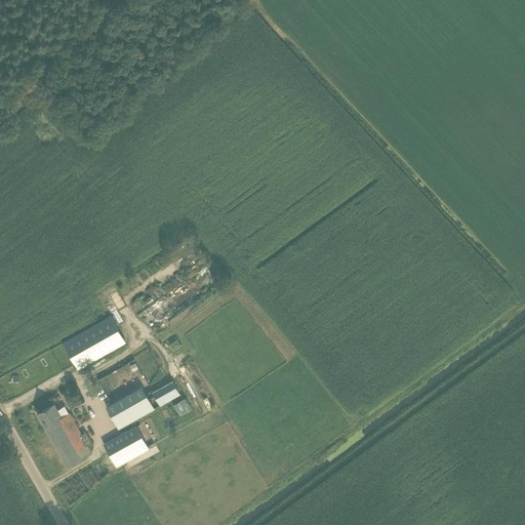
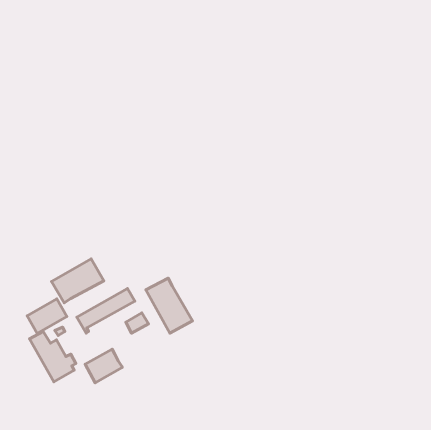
building: none -> [146,278,192,333]
building: [104,389,152,431] -> [27,299,67,333]

